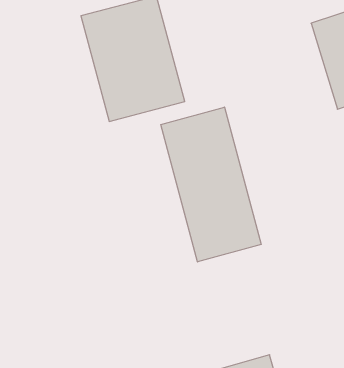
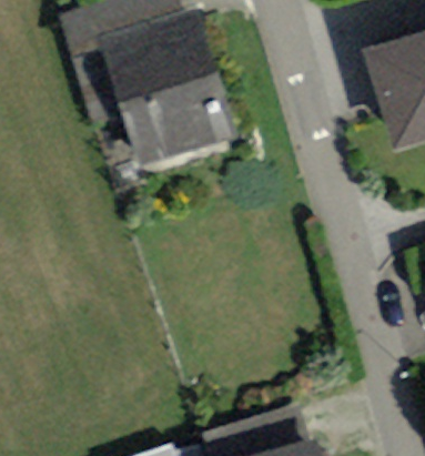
building: [161,107,261,262] -> none

